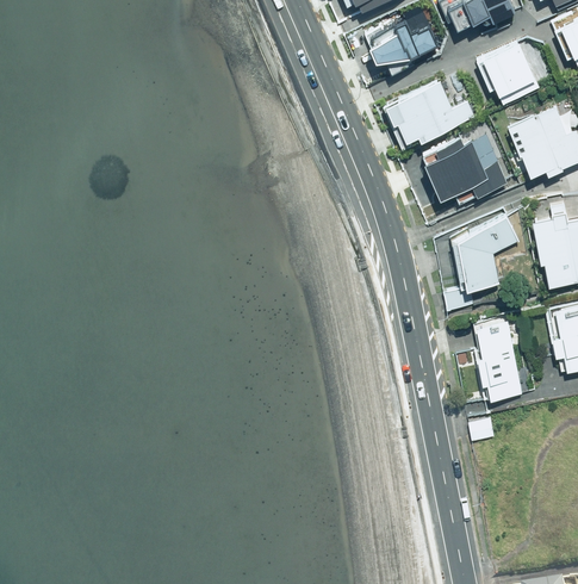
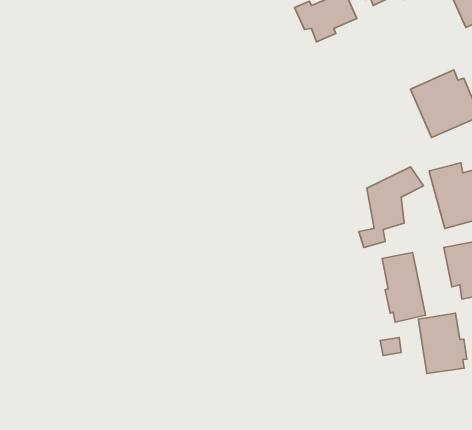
building: [485,36,542,101] -> none
building: [390,79,478,136] -> none
building: [422,137,511,203] -> none
building: none -> [418,313,467,373]

